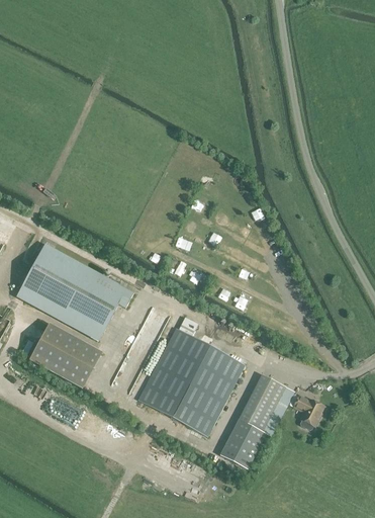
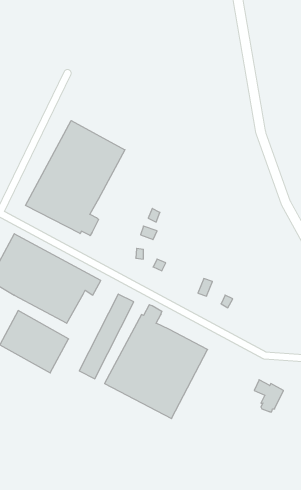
building: none -> [26,121,125,236]
building: [220,374,286,469] -> none

